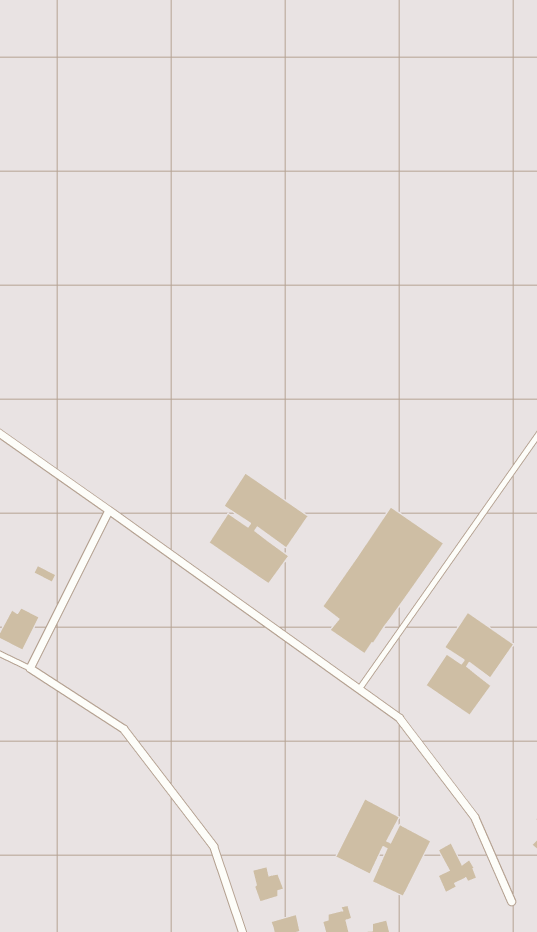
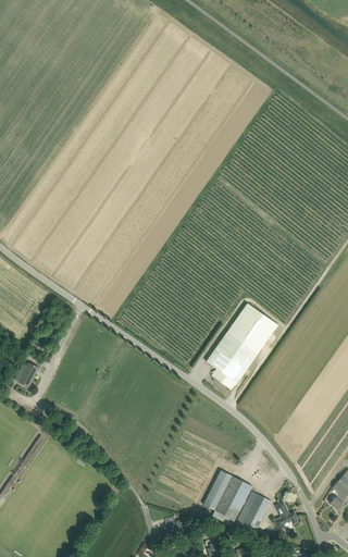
building: [209,473,309,584] -> none
building: [426,612,514,716] -> none

